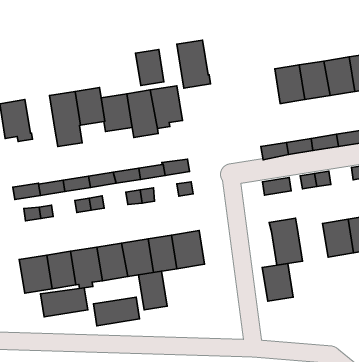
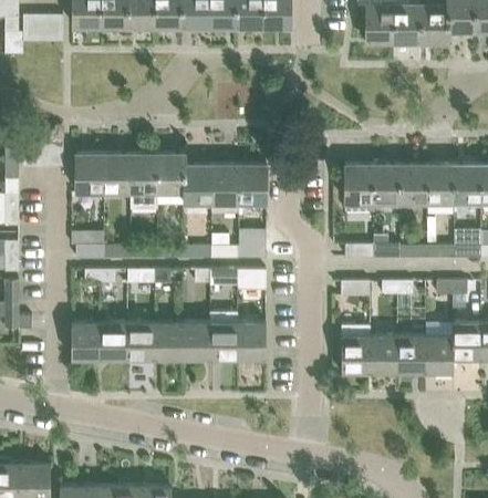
building: [177,40,211,88] -> [345,165,374,212]
building: [136,50,164,86] -> none
building: none -> [104,155,131,191]
building: [262,263,293,301] -> [370,336,397,373]
building: [138,271,167,310] -> none
building: [41,288,88,317] -> none
building: [93,297,140,326] -> none

